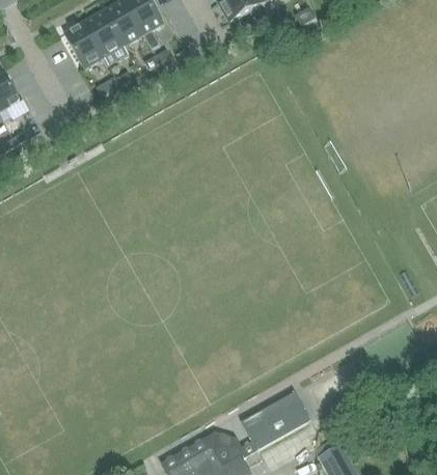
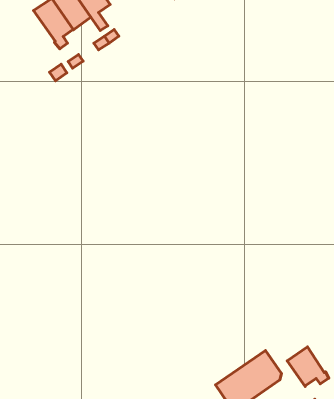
building: [64,22,105,67] -> none
building: none -> [287,347,329,386]

